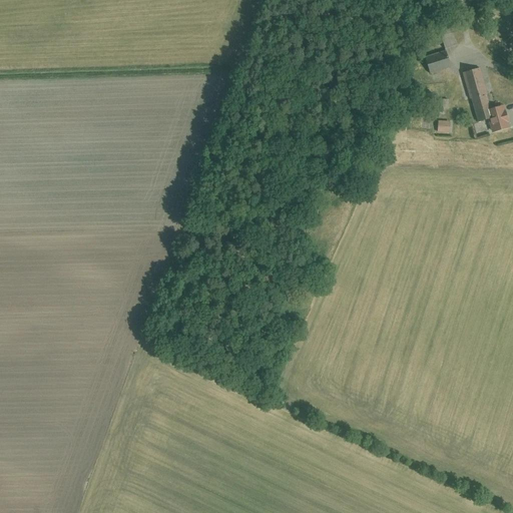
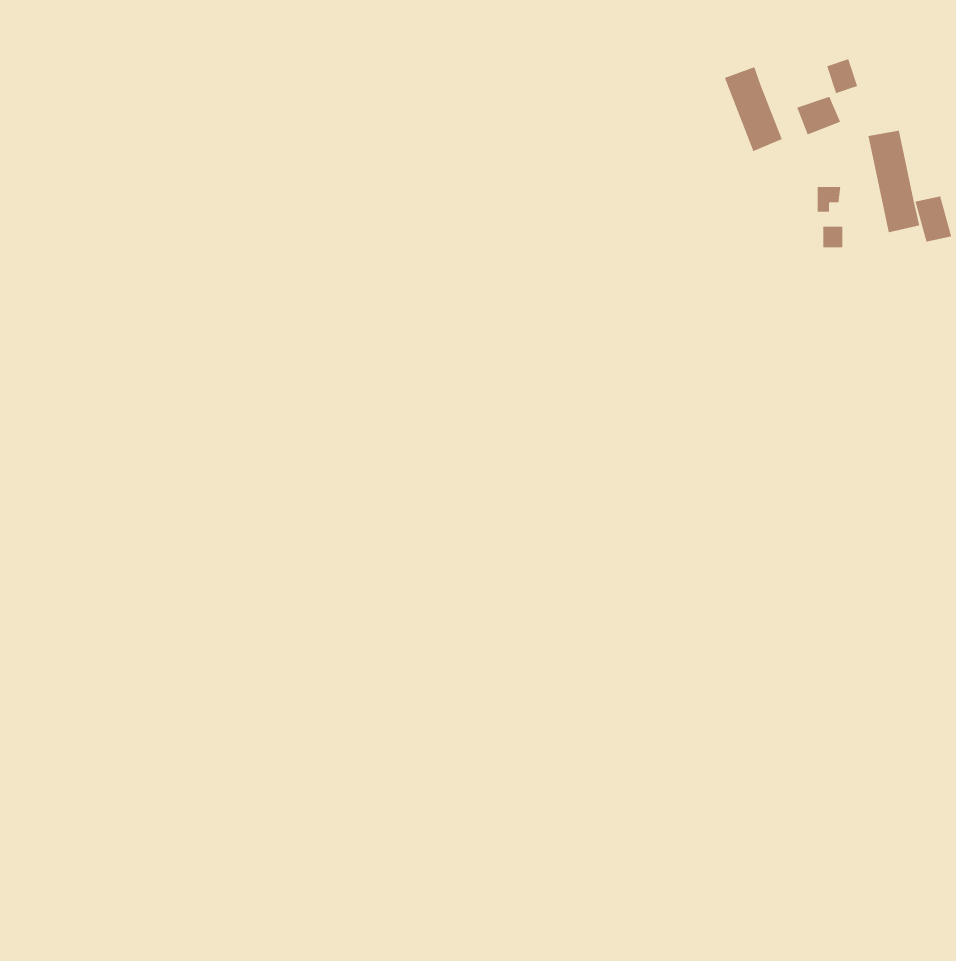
building: none -> [724,66,783,152]

